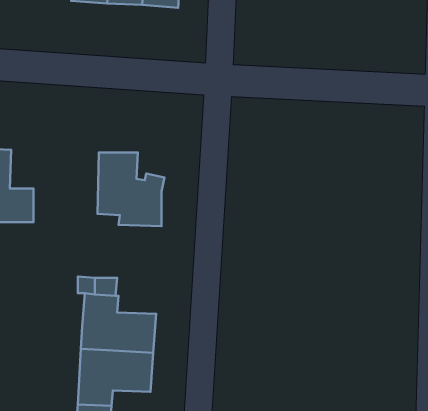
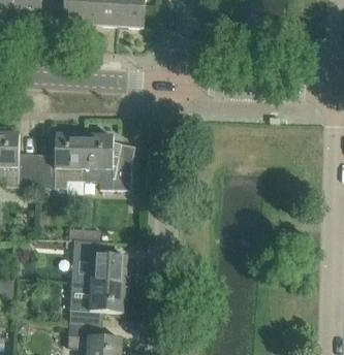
building: none -> [36,133,85,187]

